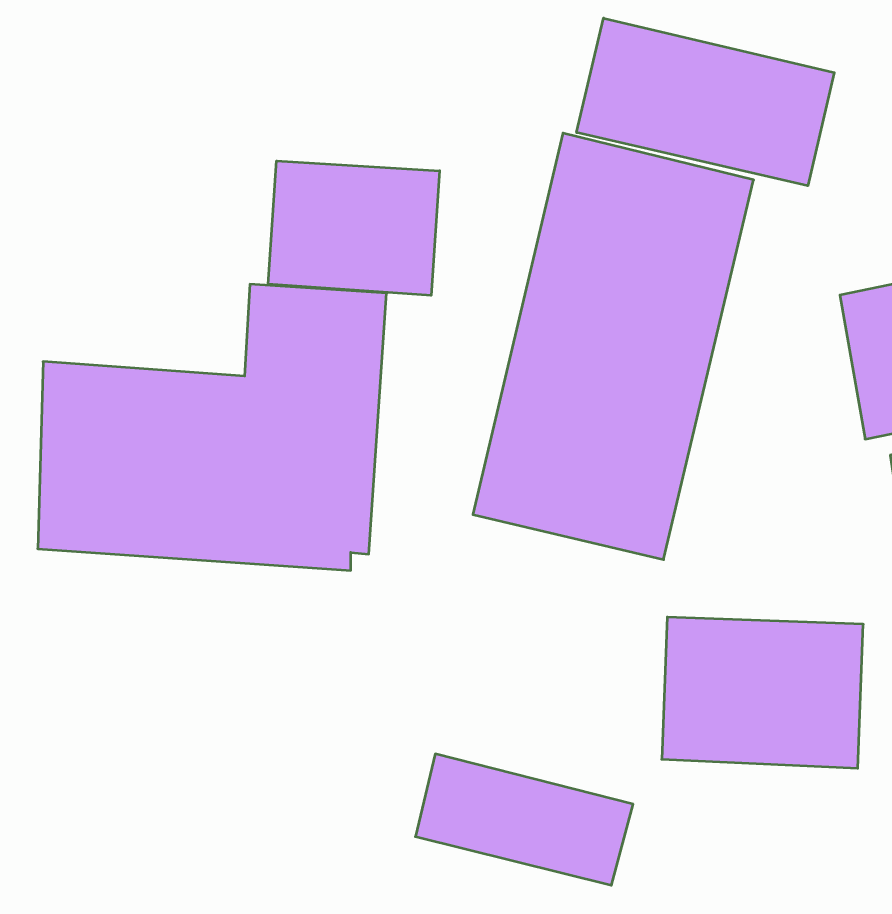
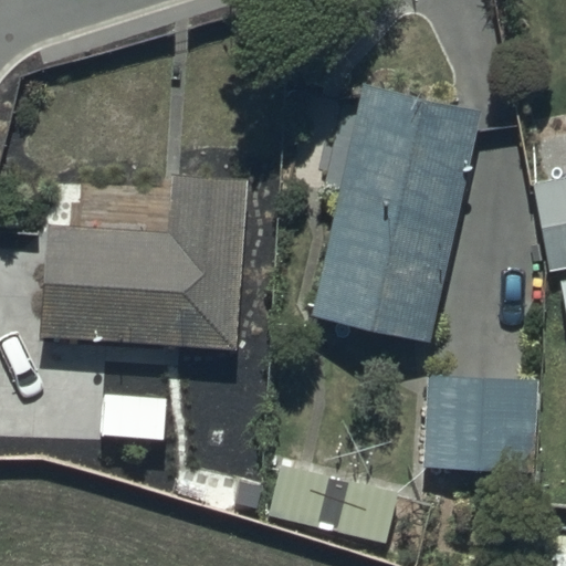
building: [577,18,834,186] -> none
building: [268,161,440,295] -> none

